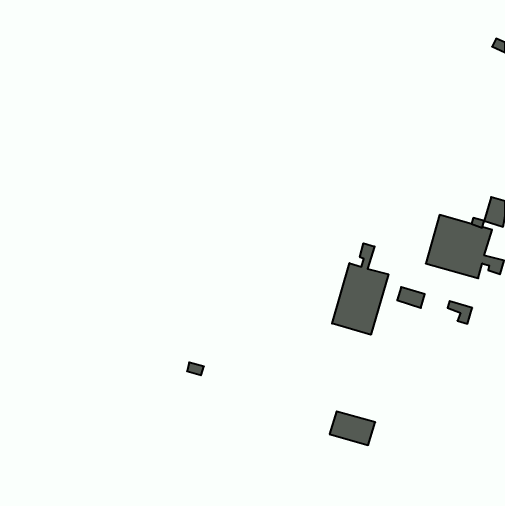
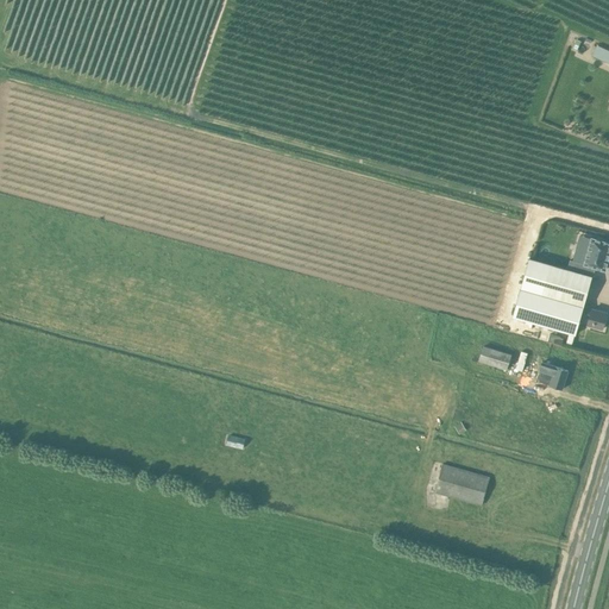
building: [332,243,388,335] -> none
building: [330,411,375,445] -> [434,466,489,507]

